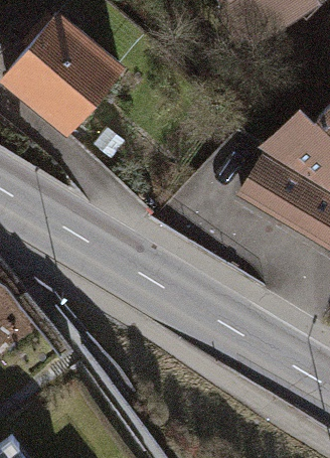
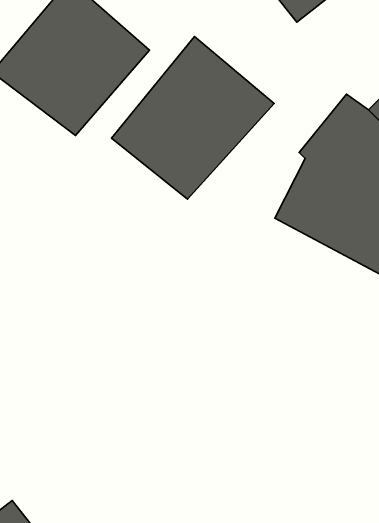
building: none -> [111,36,274,199]

